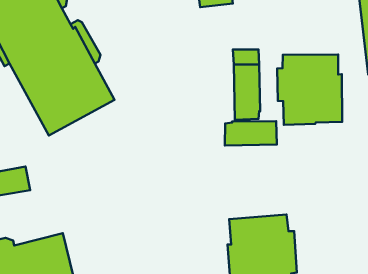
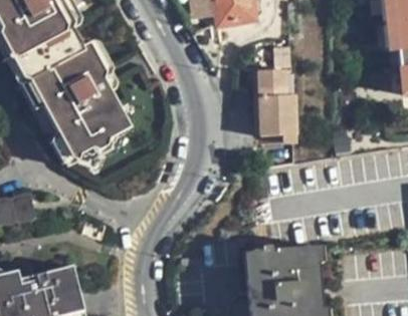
building: [277,55,342,125] -> none
building: [225,121,277,146] -> none

